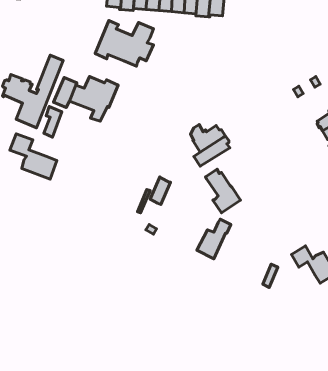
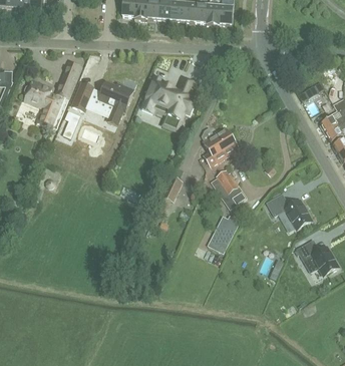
building: [95,20,153,66] -> [140,75,196,118]
building: [10,134,57,179] -> none
building: none -> [266,192,311,229]

